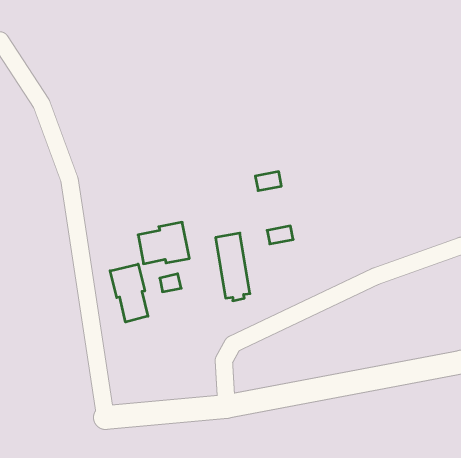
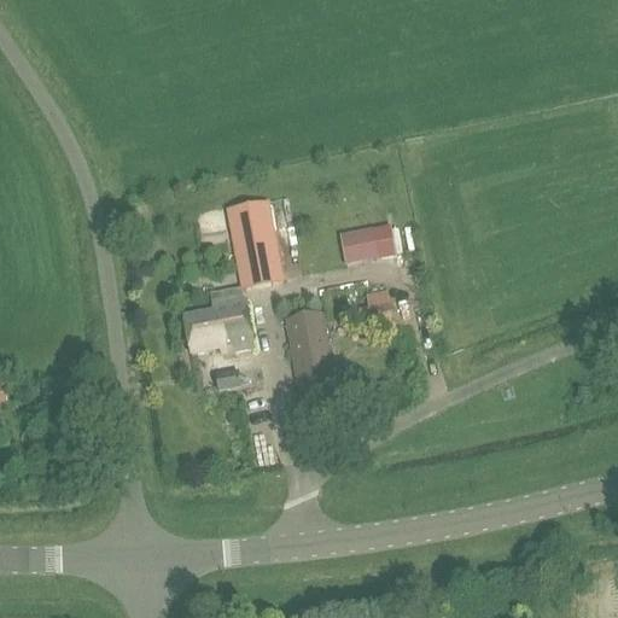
building: none -> [226,198,285,287]
building: [110,264,148,322] -> none

